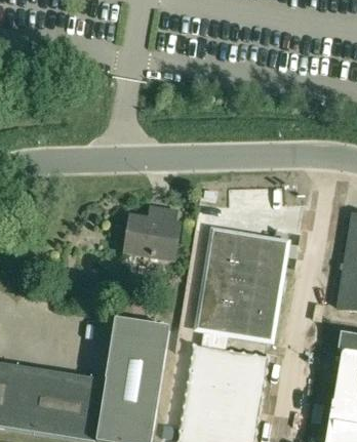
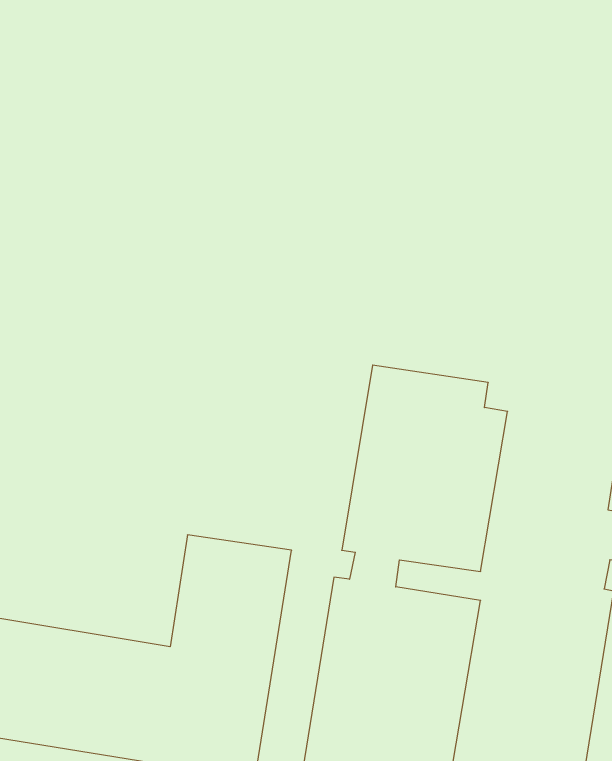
building: [124,206,179,258] -> none

